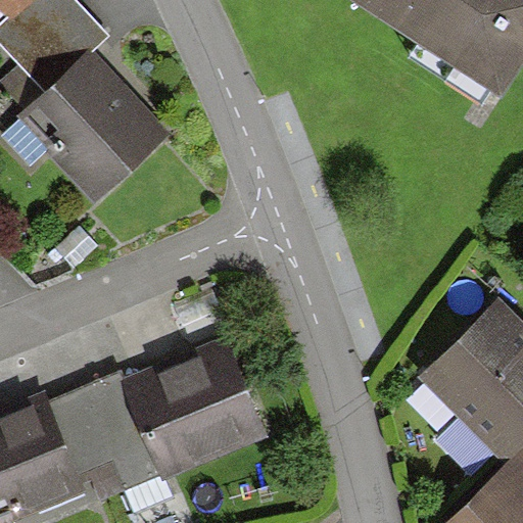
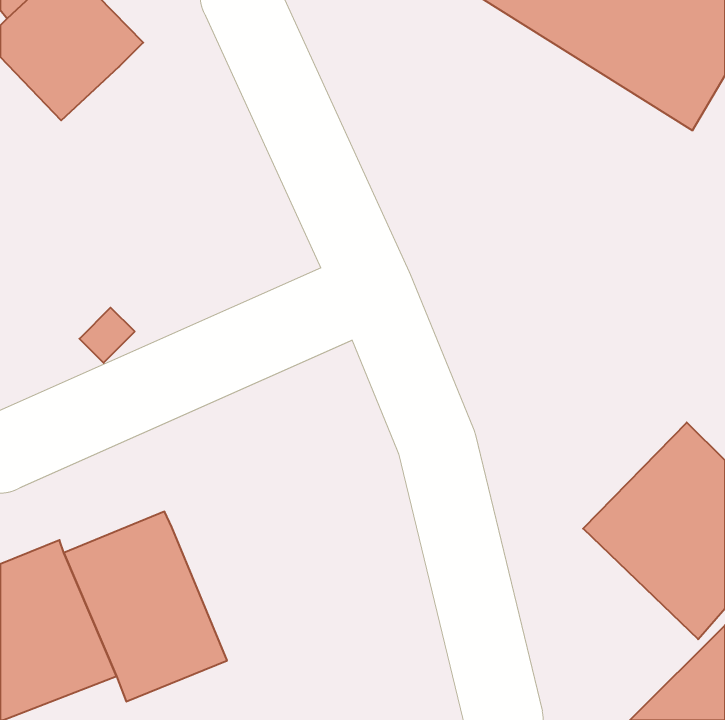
building: [14,48,161,195] -> none
building: [124,338,268,485] -> none

